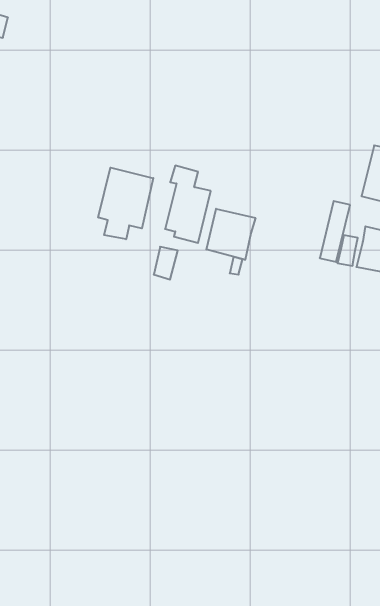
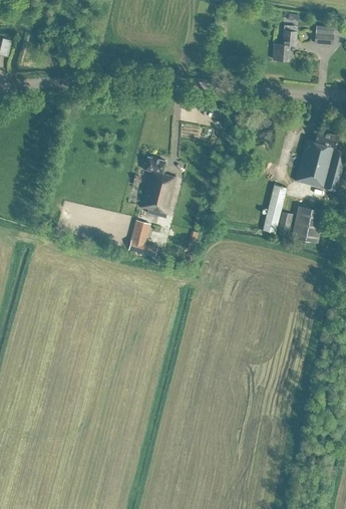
building: none -> [273,30,296,60]
building: [98,168,153,239] -> none
building: [206,209,255,260] -> none

